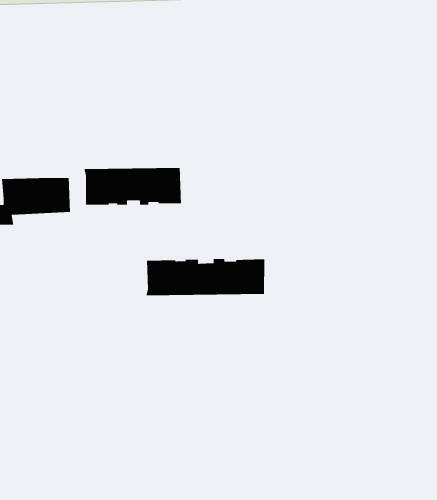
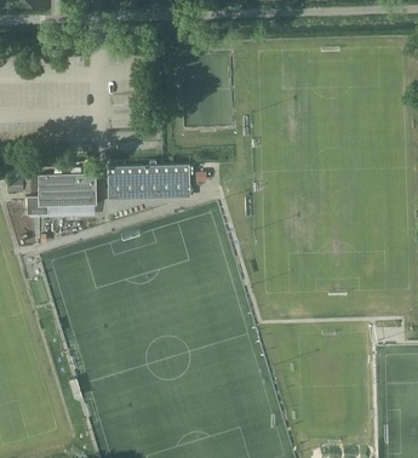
building: [146,258,265,296] -> none

